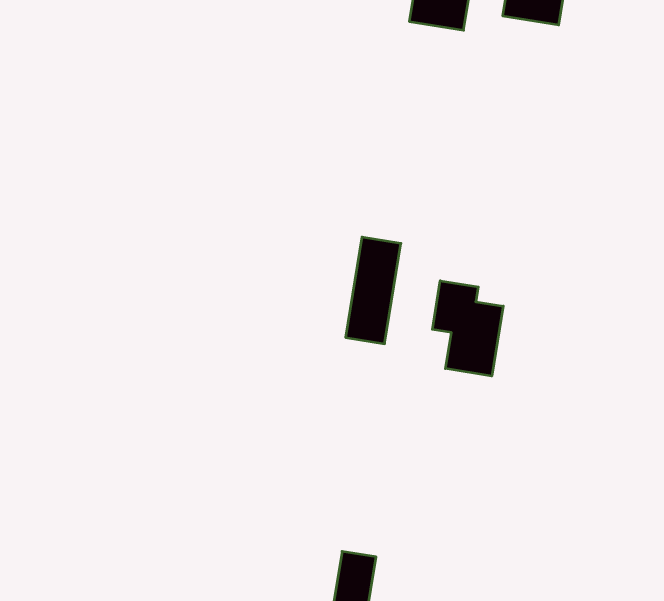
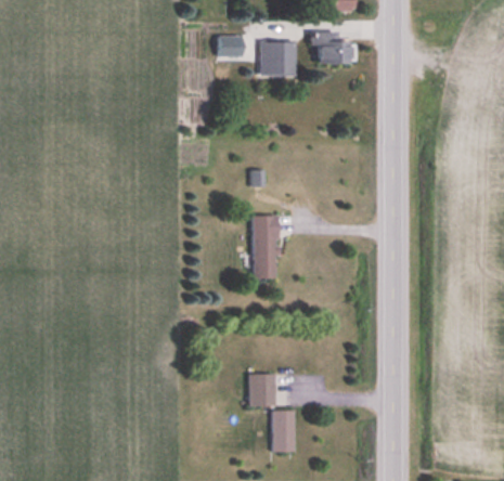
building: [432,281,503,376] -> none
building: none -> [249,374,275,408]

